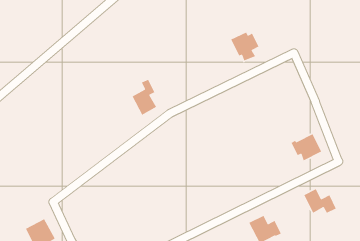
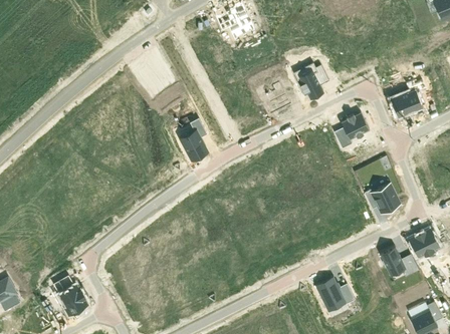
building: none -> [391,89,423,116]
building: none -> [334,111,371,147]
building: none -> [409,228,440,258]

